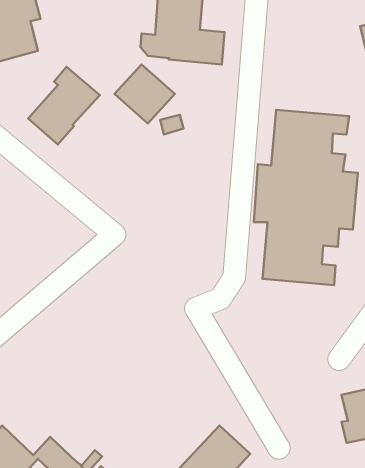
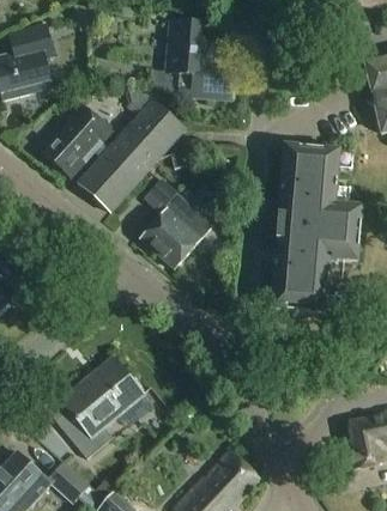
building: none -> [78,123,159,212]
building: none -> [140,178,213,268]
building: none -> [56,354,145,457]

